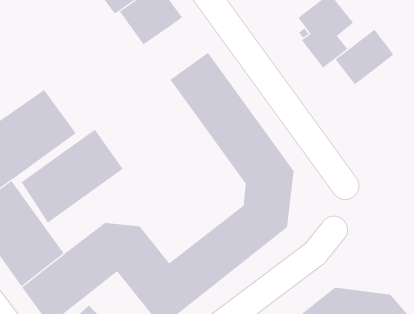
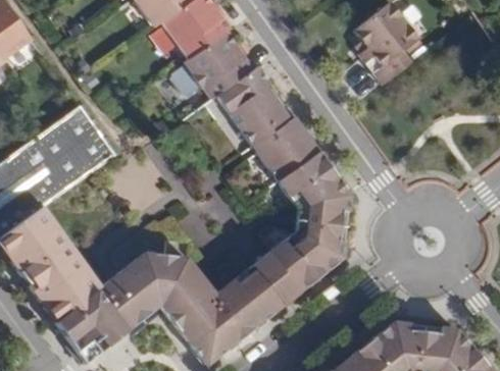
building: none -> [171,32,252,99]
building: [335,29,394,85] -> none
building: [21,129,123,224] -> none

